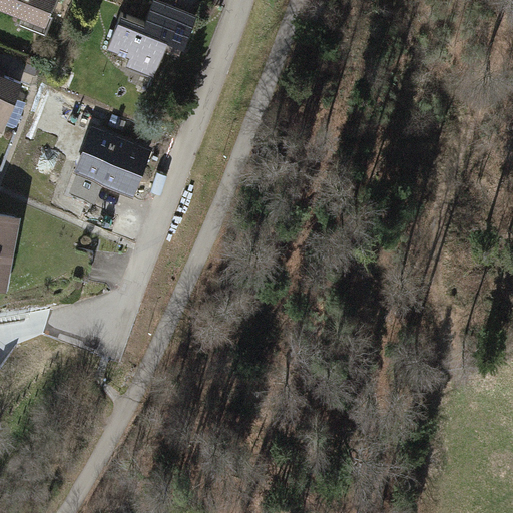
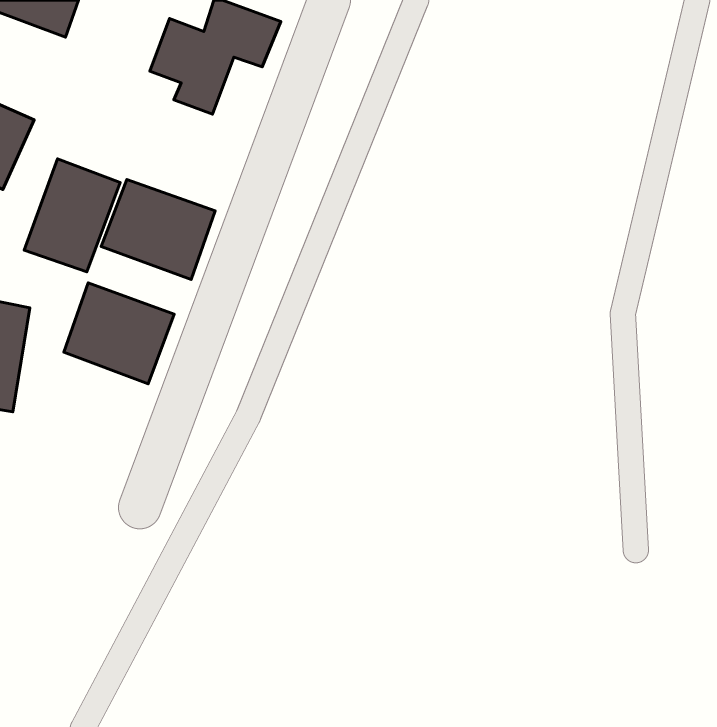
building: none -> [24,159,120,272]
building: none -> [64,283,174,384]

